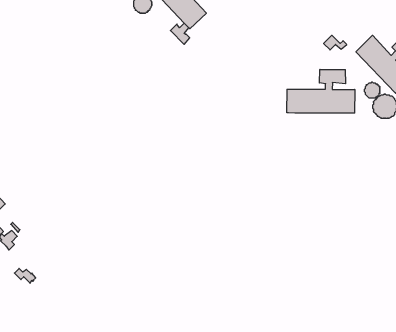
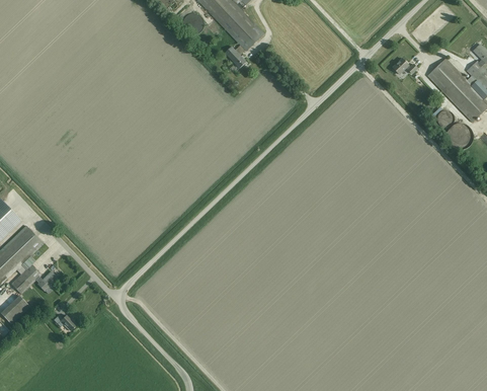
building: [287,69,355,113] -> none

